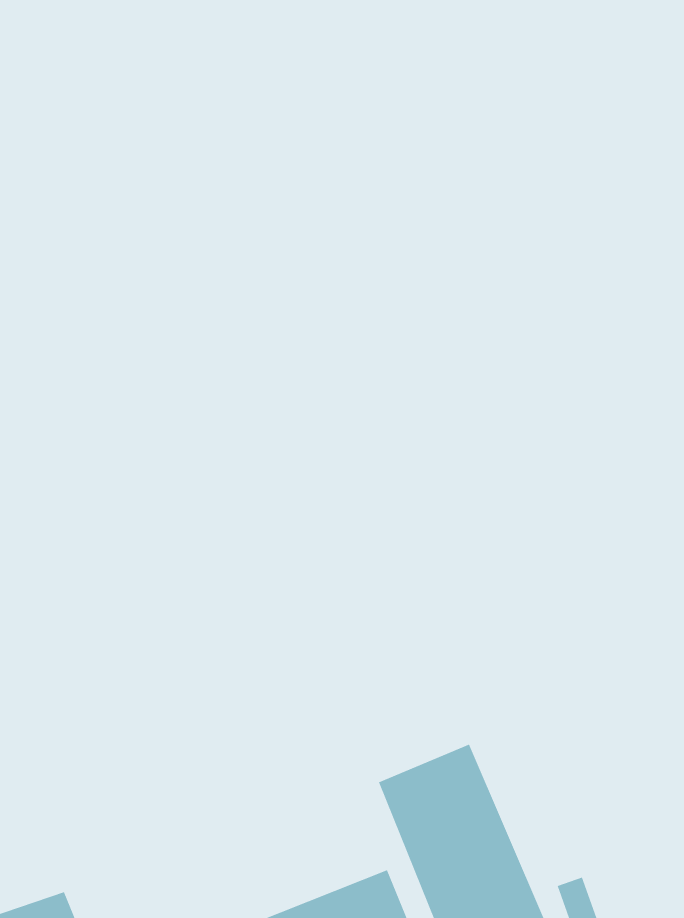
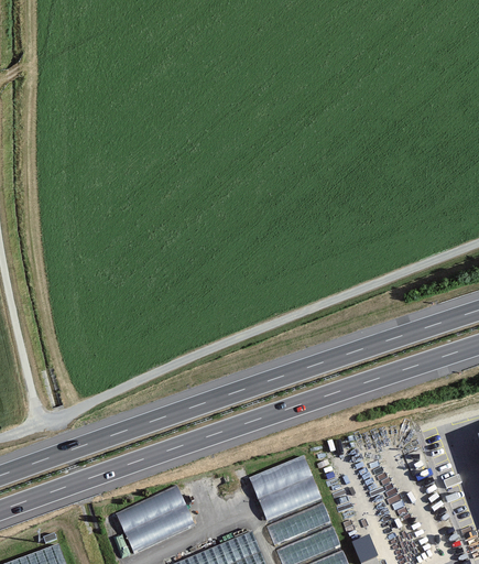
building: none -> [115,486,196,555]

